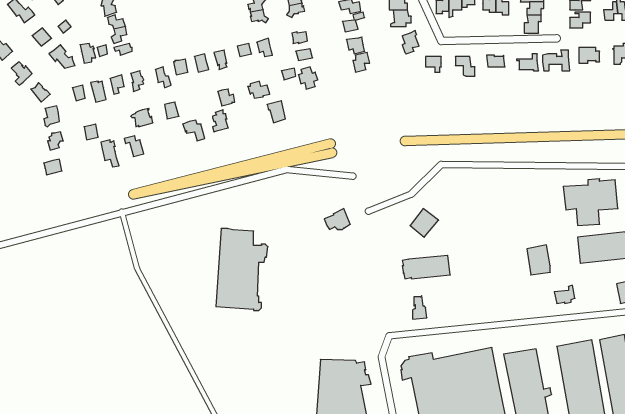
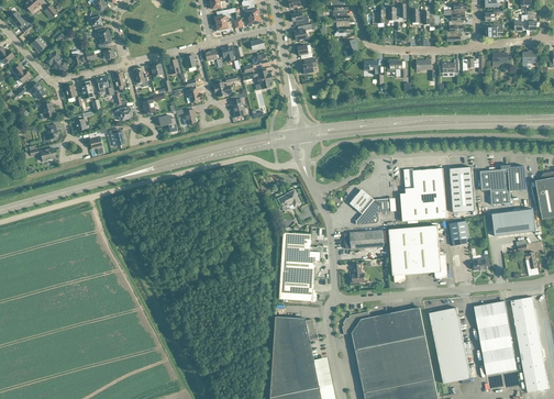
building: none -> [448,166,474,212]
building: none -> [399,167,446,221]
building: none -> [355,198,390,224]
building: [216,229,268,310] -> [277,232,321,301]
building: none -> [388,224,446,281]

